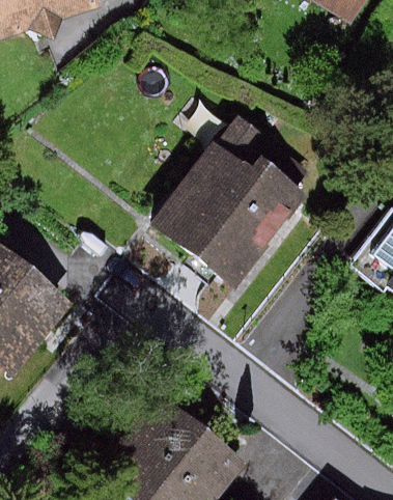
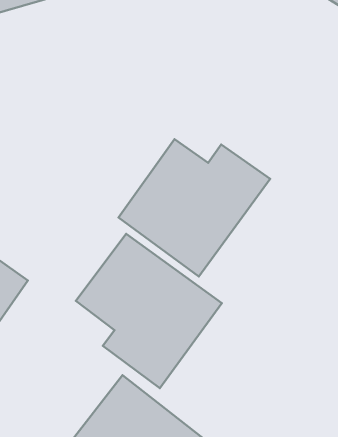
building: none -> [76,234,222,388]

